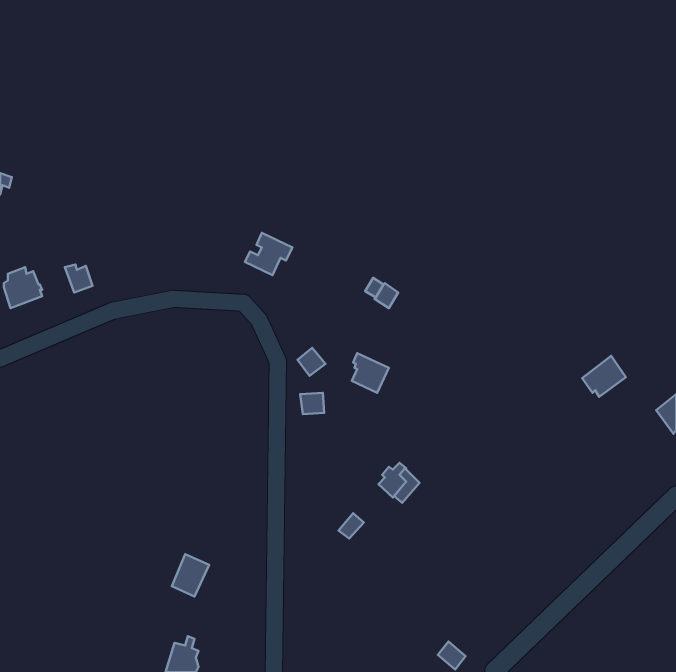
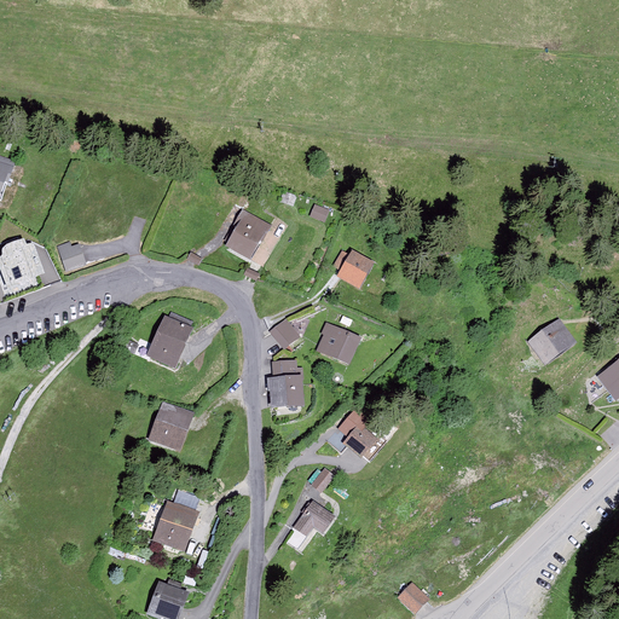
building: none -> [152,322,190,368]
building: none -> [268,377,300,403]
building: none -> [152,409,185,446]
building: none -> [285,505,331,549]

